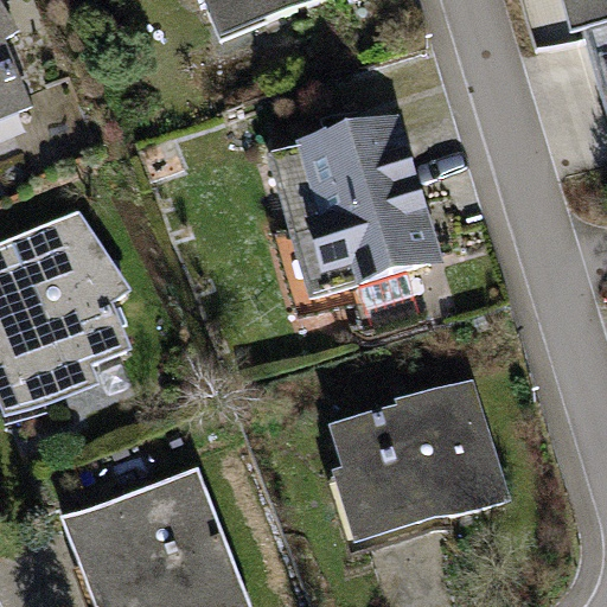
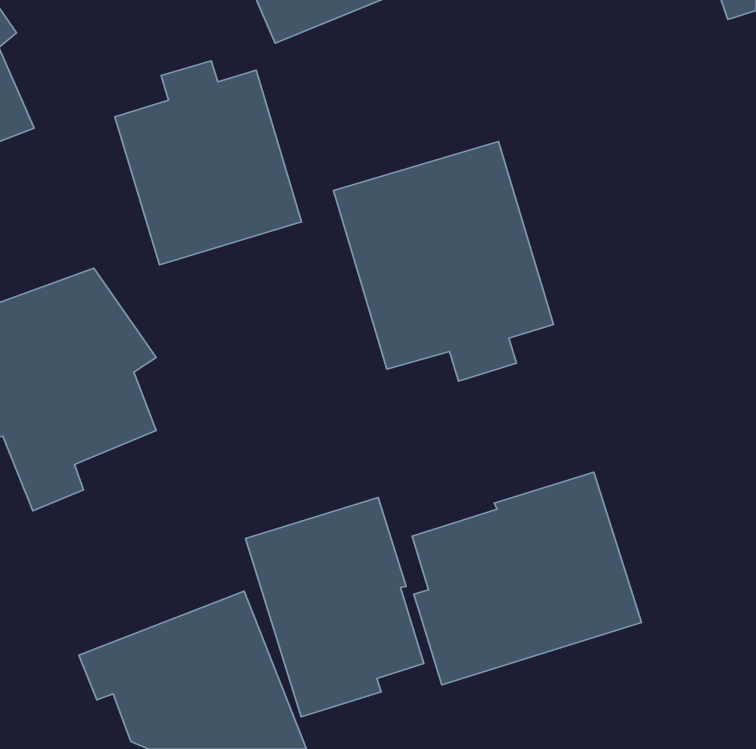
building: none -> [115,61,302,265]
building: none -> [245,497,424,717]

